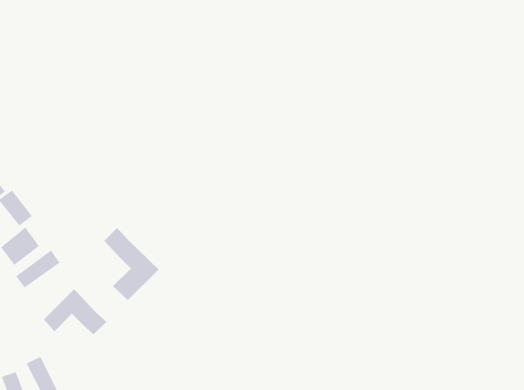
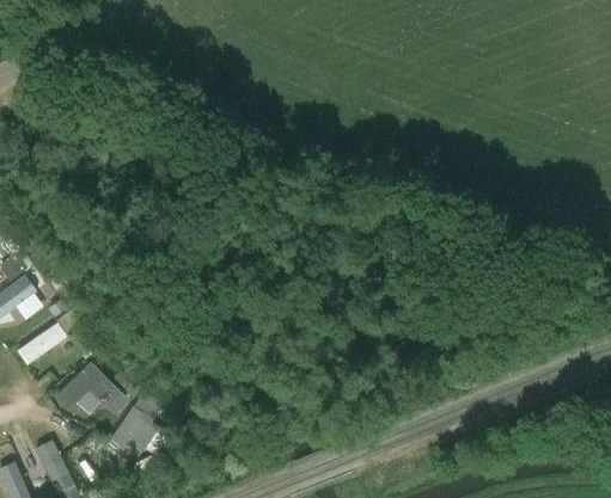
building: [104,227,159,301] -> none
building: none -> [106,407,155,460]

